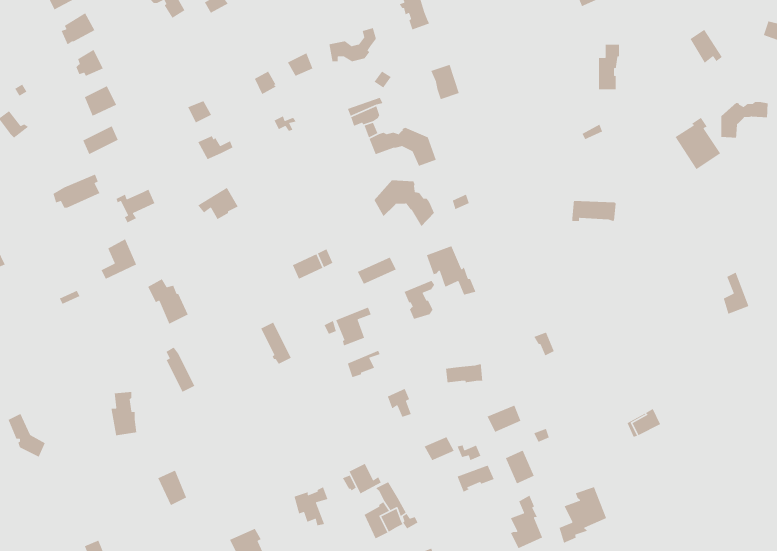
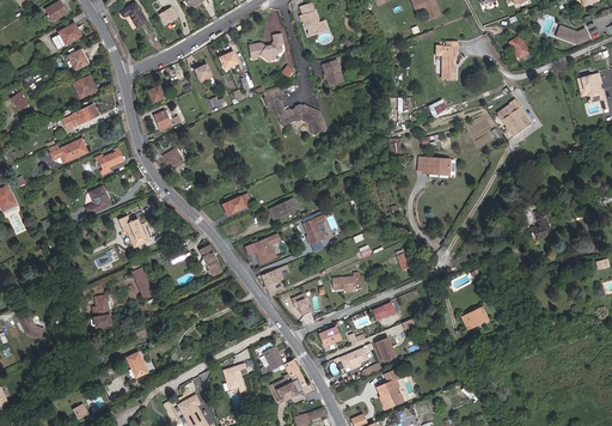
building: [720,101,769,139] -> none
building: [373,179,435,227] -> none
building: [426,245,477,296] -> none
building: [558,486,607,544] -> none

